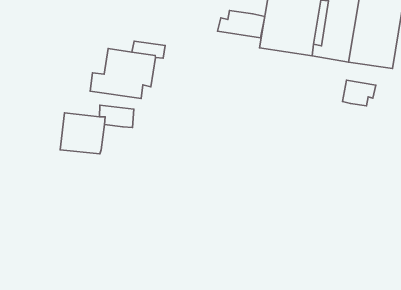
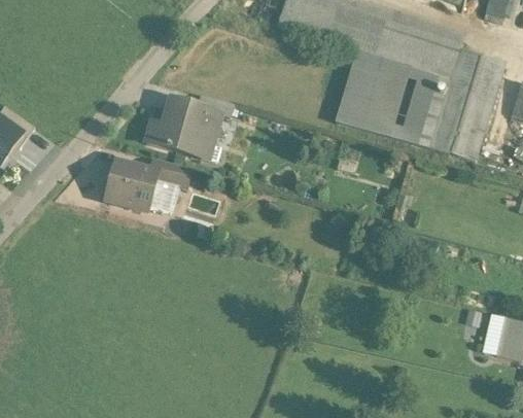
building: [218,10,265,38] -> none
building: [342,80,376,106] -> none
building: none -> [148,180,175,212]

